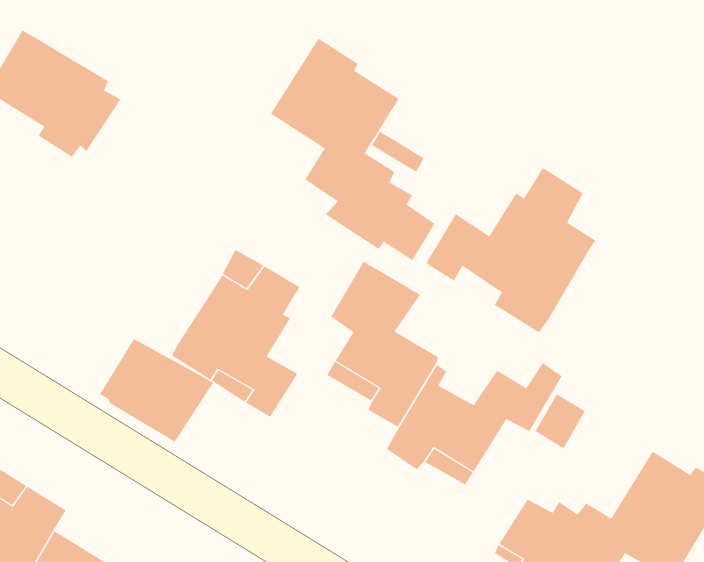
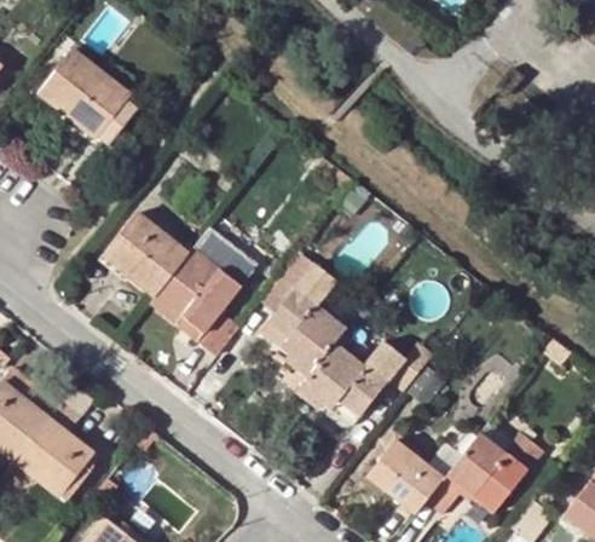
building: [270,38,435,261] -> none
building: [426,167,596,333] -> none
building: [99,338,214,442] -> [105,213,190,293]

